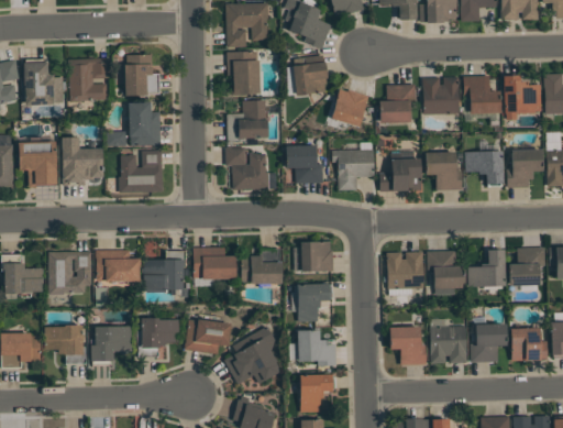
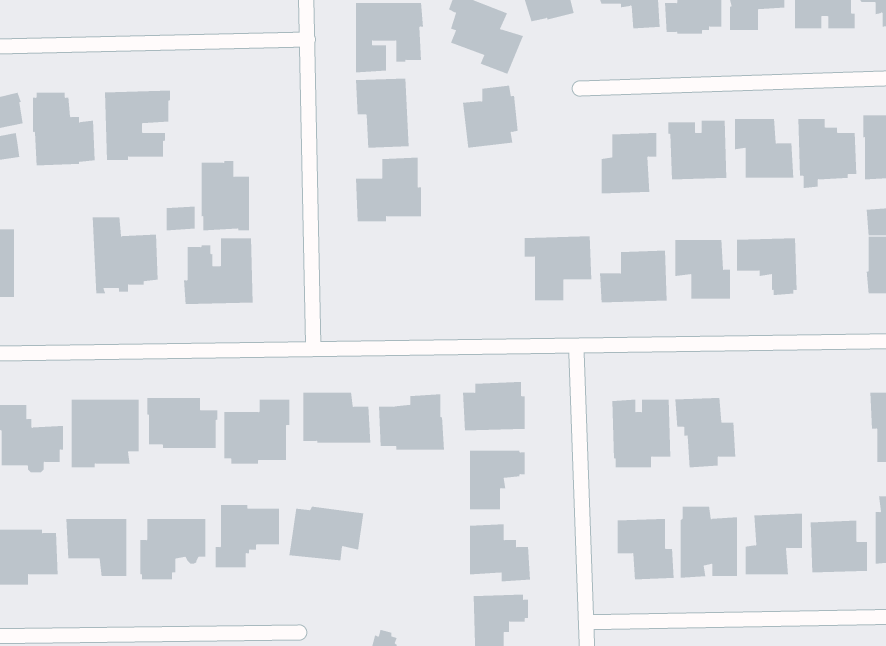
building: [125,55,159,96] -> none
building: [332,89,368,127] -> none
building: [19,142,57,188] -> none
building: [286,145,323,184] -> none
building: [225,147,269,189] -> none
building: [507,150,543,188] -> none
building: [510,248,545,286] -> none
building: [468,250,506,287] -> none
building: [224,327,279,384] -> none

